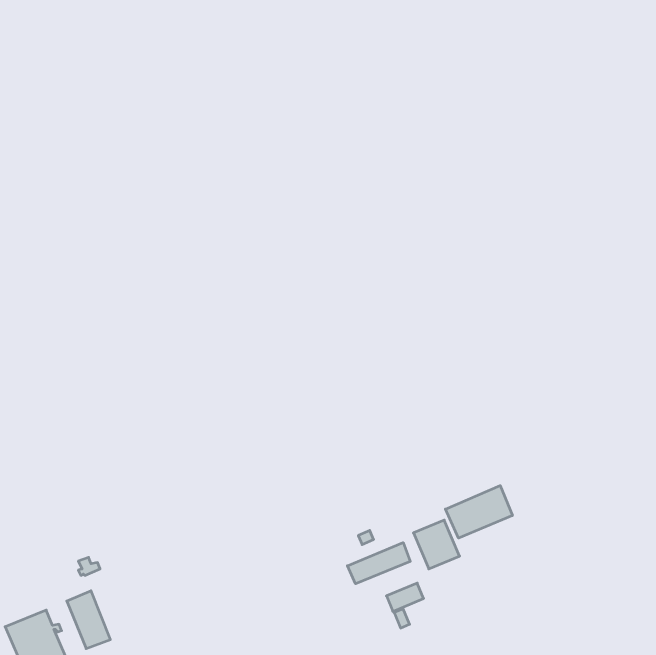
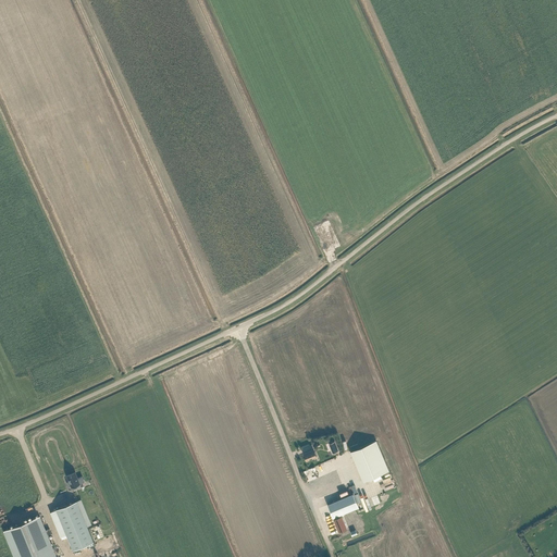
building: [445,486,512,538] -> none
building: [347,543,410,584] -> none

